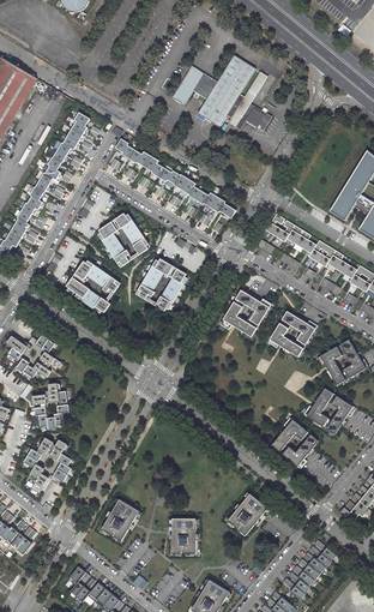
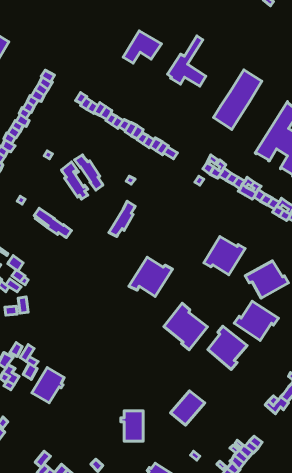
building: [197,56,254,127] -> [214,70,262,129]
building: [138,259,173,300] -> none
building: [74,260,119,292] -> none
building: [219,289,271,336] -> [129,257,172,296]
building: none -> [164,303,208,350]
building: [101,499,139,541] -> [32,368,64,403]

